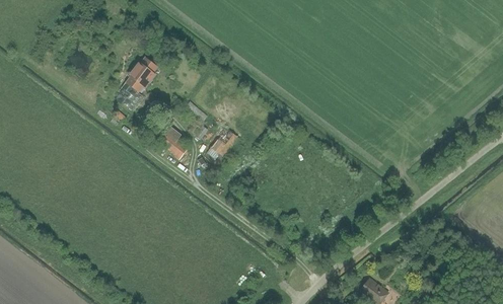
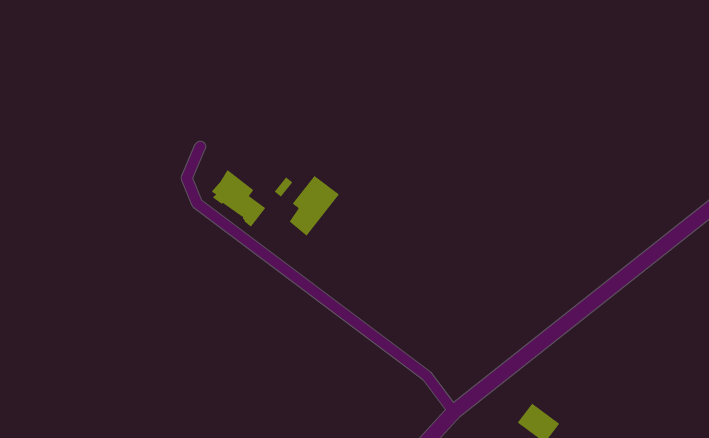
building: [120,58,157,97] -> none

